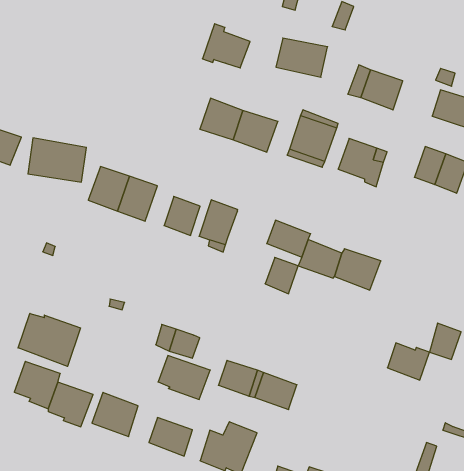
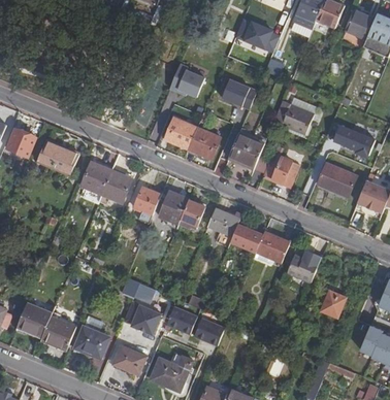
building: [265,257,298,294] -> [180,200,204,227]
building: [18,313,81,366] -> none
building: [387,343,429,380] -> [287,255,318,282]

